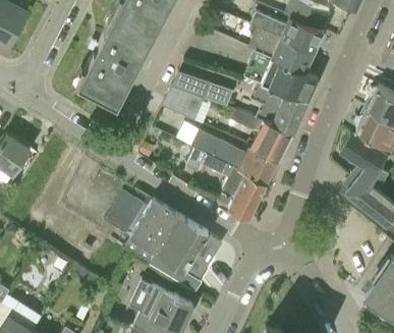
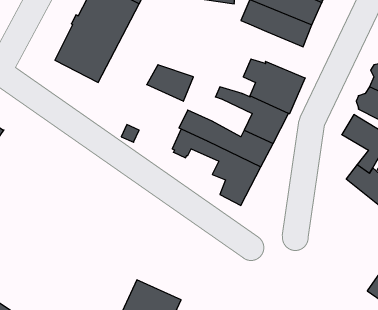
building: [245,51,319,101] -> none
building: [173,73,212,100] -> none
building: [114,198,223,292] -> none

